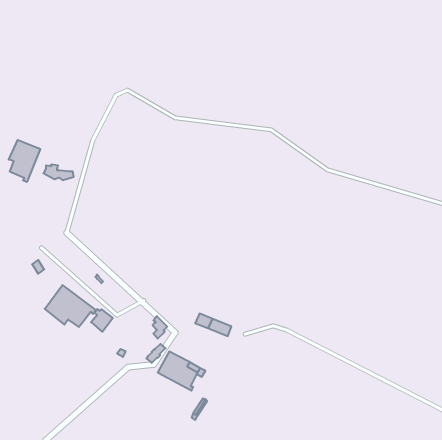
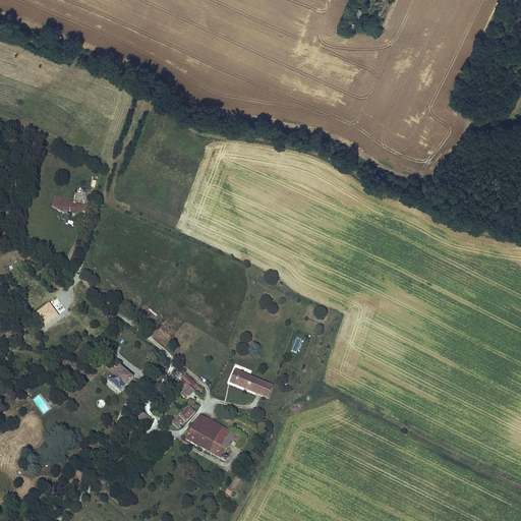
building: [9,140,40,182] -> none
building: [45,285,96,327] -> none

